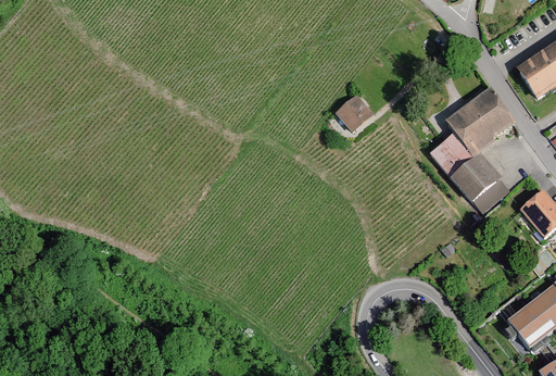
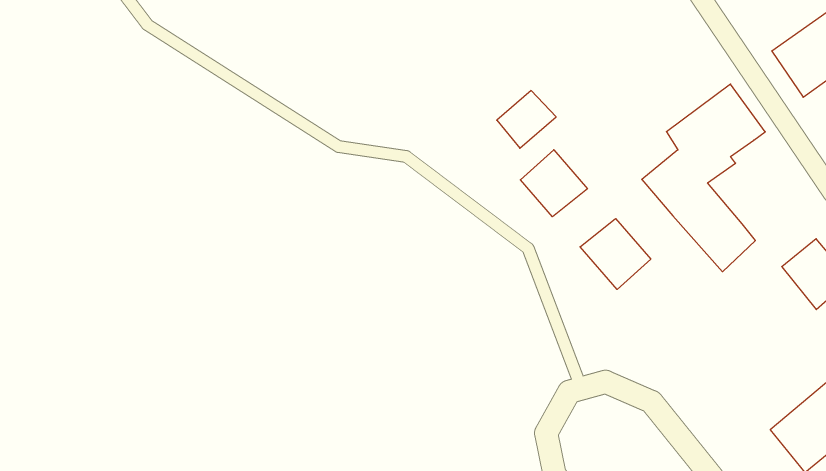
building: none -> [520,150,587,217]
building: none -> [580,219,651,289]

